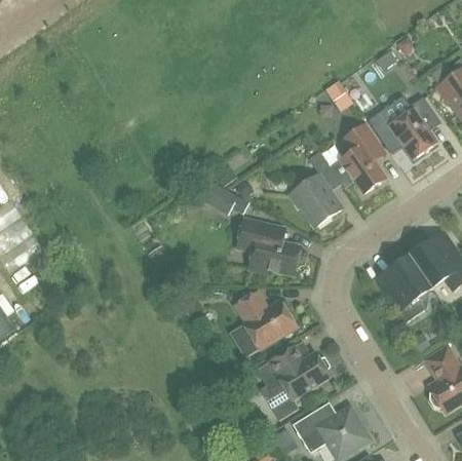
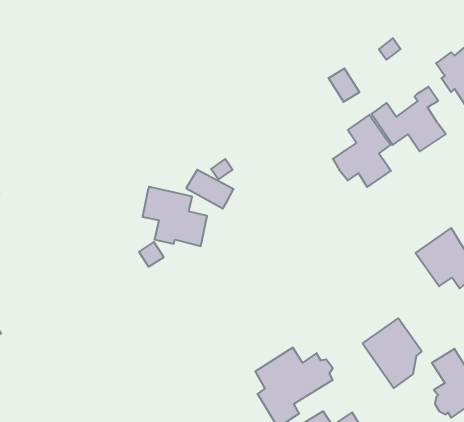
building: [291,151,343,225] -> none
building: [238,218,300,274] -> [143,187,207,246]
building: [376,255,432,321] -> [363,318,422,388]
building: [234,291,296,357] -> none

